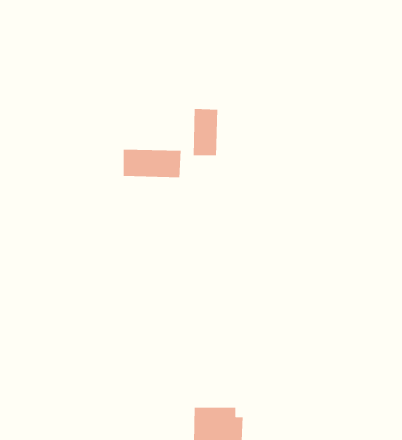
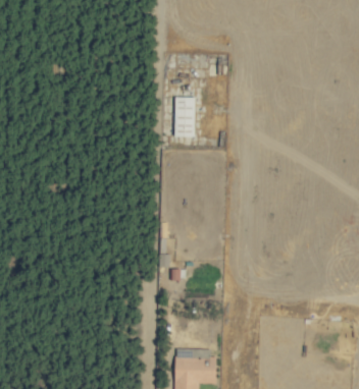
building: [123,149,181,178] -> none

